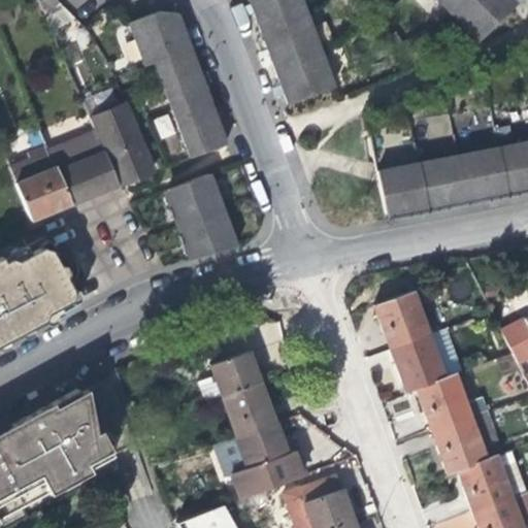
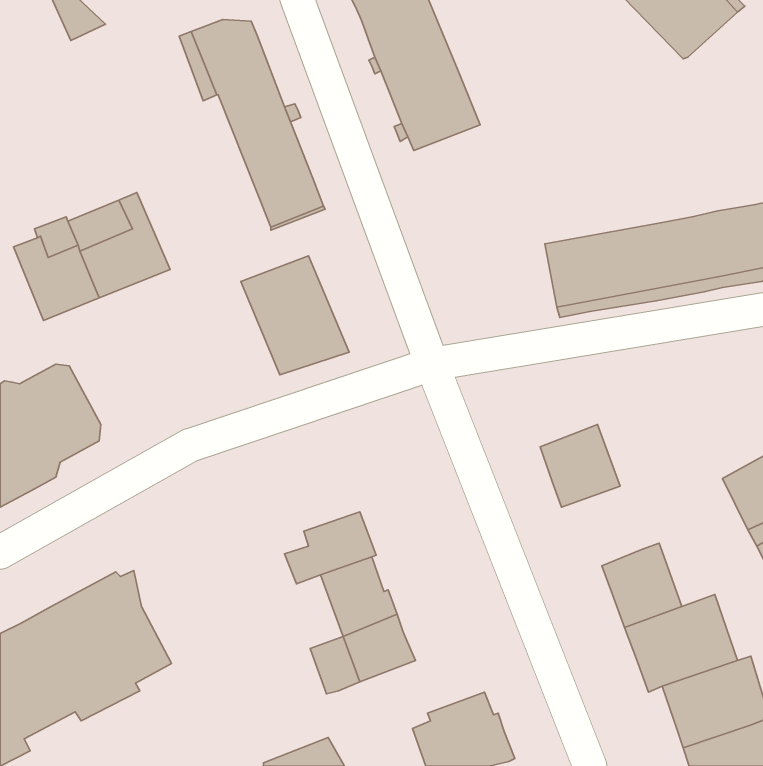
building: [92,103,155,185] -> none
building: [389,333,444,391] -> none
building: [236,448,312,498] -> none

